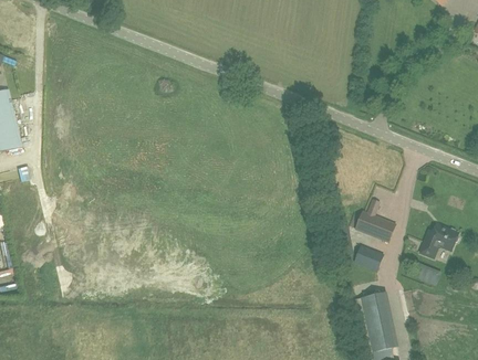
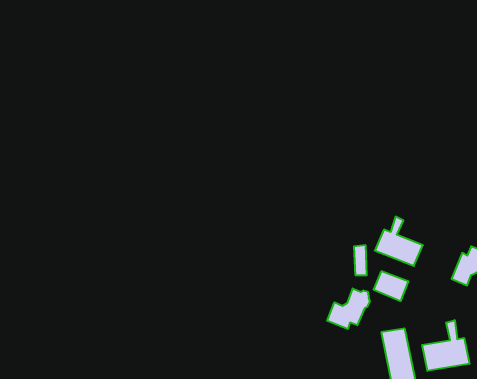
building: none -> [327,288,370,329]
building: none -> [422,320,469,371]

